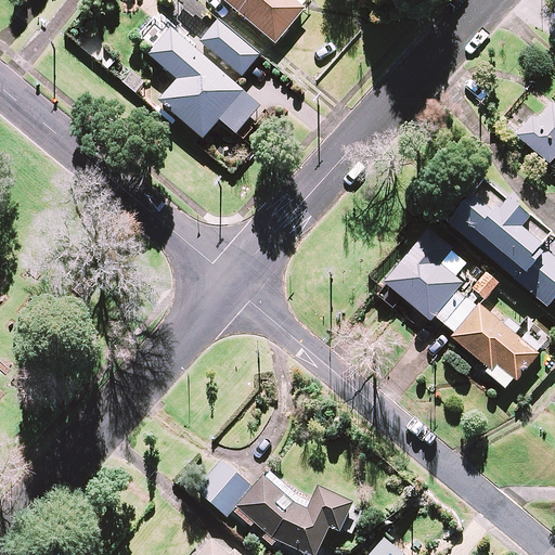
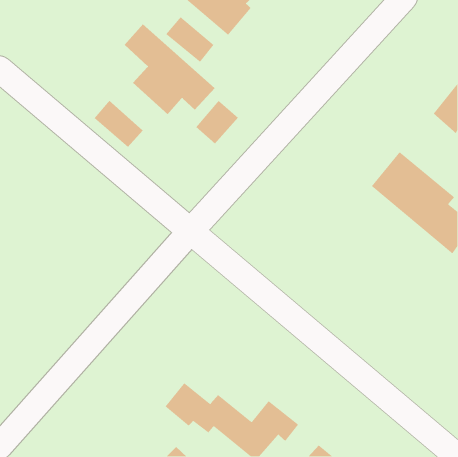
building: none -> [195,100,239,145]
building: none -> [93,100,143,148]
building: [383,225,538,389] -> none

